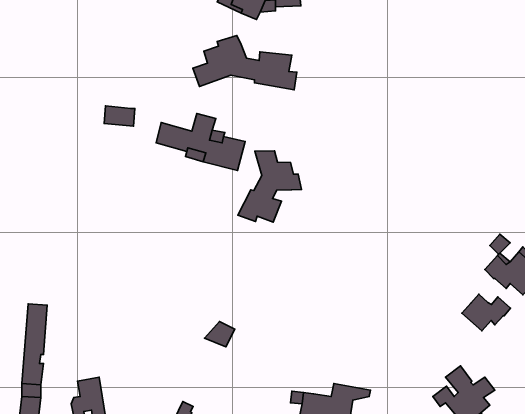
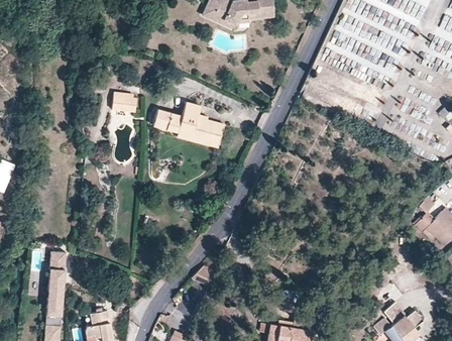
building: [193,35,297,90] -> none
building: [238,151,302,222] -> none
building: [462,294,510,331] -> none

